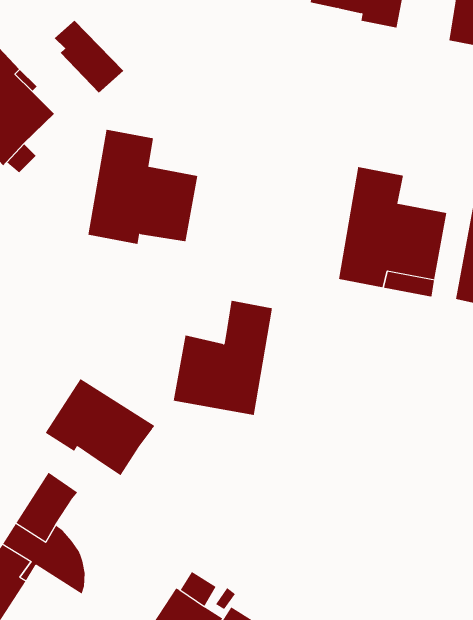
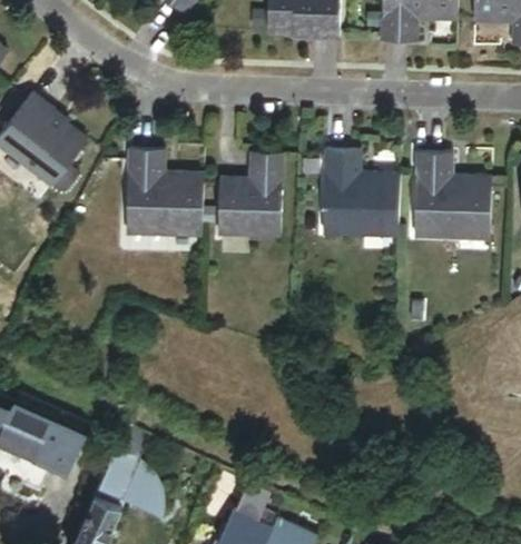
building: [54,20,124,94] -> none
building: [173,300,273,415] -> [218,148,284,234]
building: [45,378,155,476] -> none

